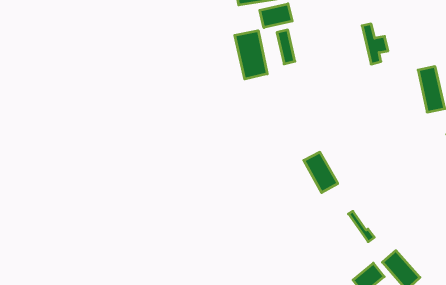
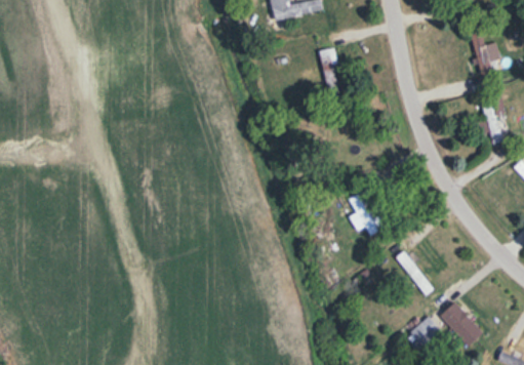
building: [260,4,292,28] -> none
building: [362,24,388,64] -> [471,28,500,74]
building: [235,31,267,79] -> none

